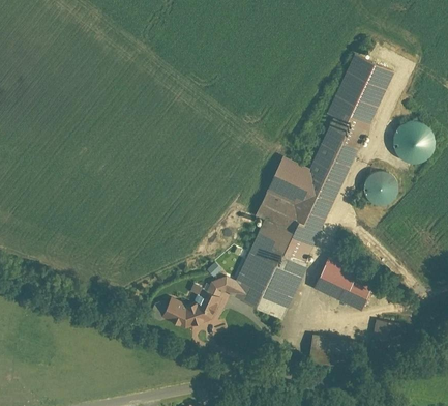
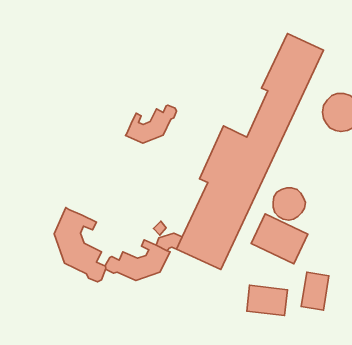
building: none -> [125,105,177,143]
building: [365,168,401,204] -> [273,188,305,220]
building: none -> [54,208,106,282]

